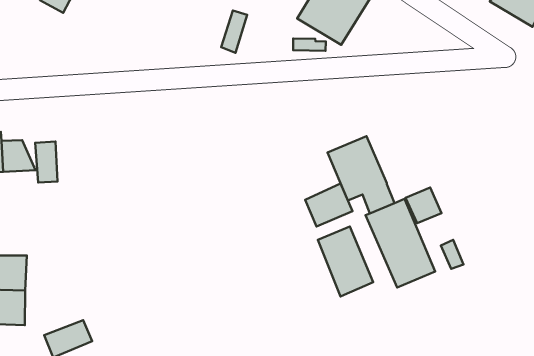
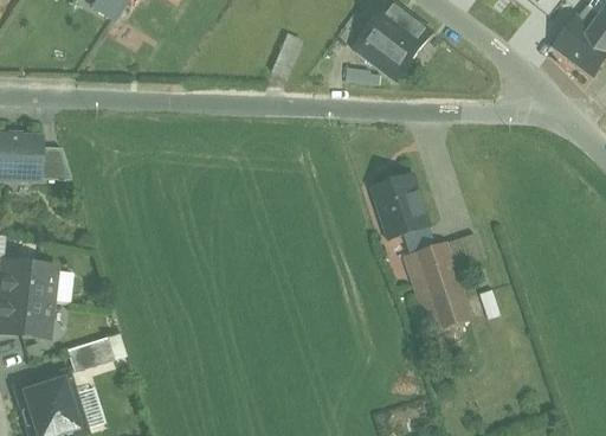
building: [35,141,58,182] -> none
building: [305,183,353,226] -> none
building: [318,226,373,296] -> none

